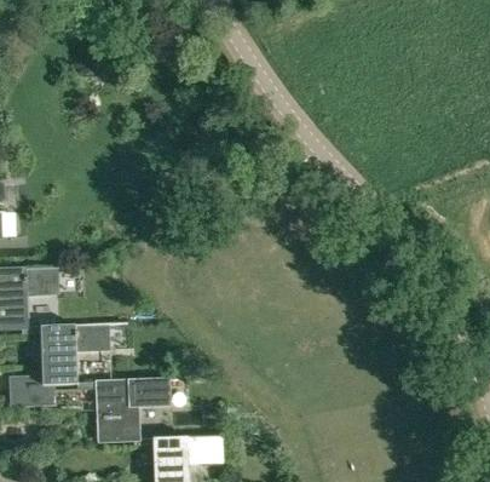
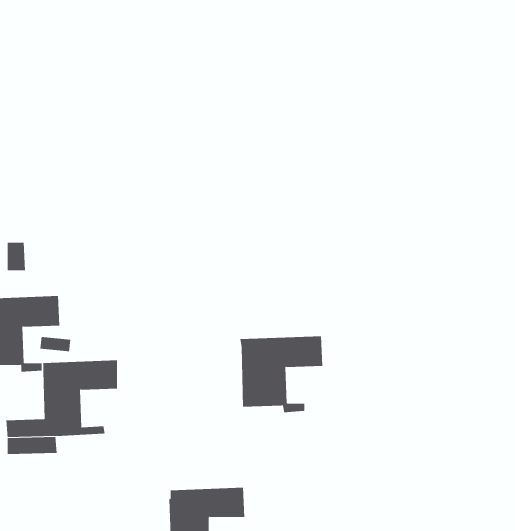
building: [96,378,169,446] -> [240,336,323,413]

